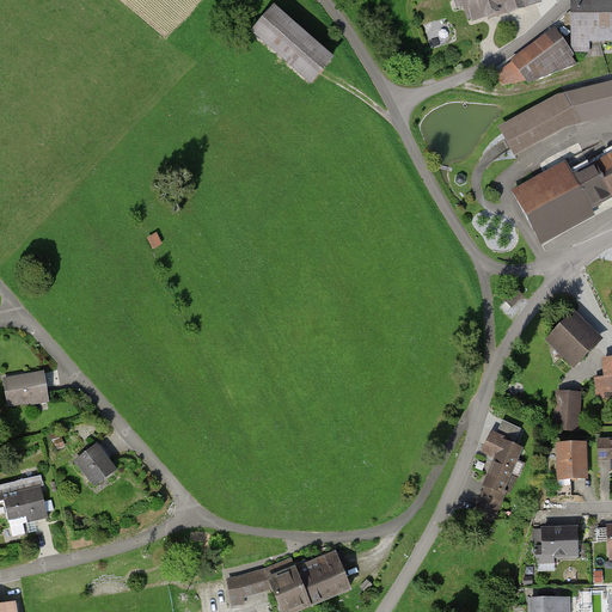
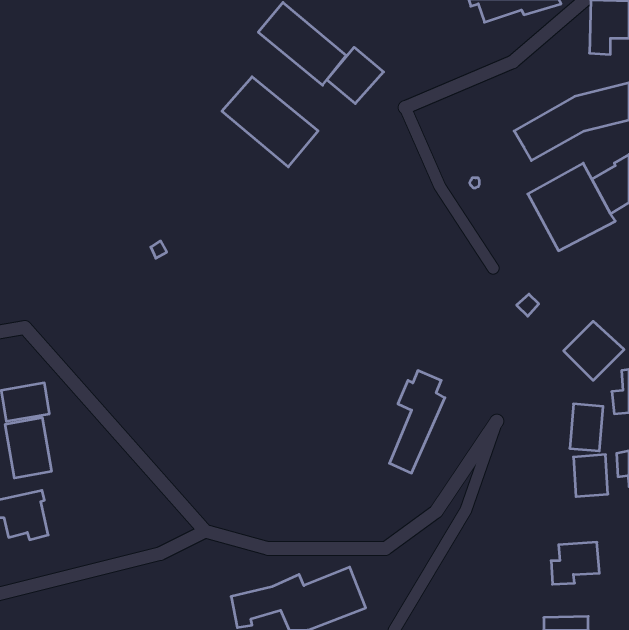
building: [494,27,577,88] -> none
building: none -> [327,47,384,104]
building: none -> [222,77,318,167]
building: none -> [5,418,51,478]
building: [473,421,527,520] -> [389,371,445,473]
building: [73,443,116,486] -> none

